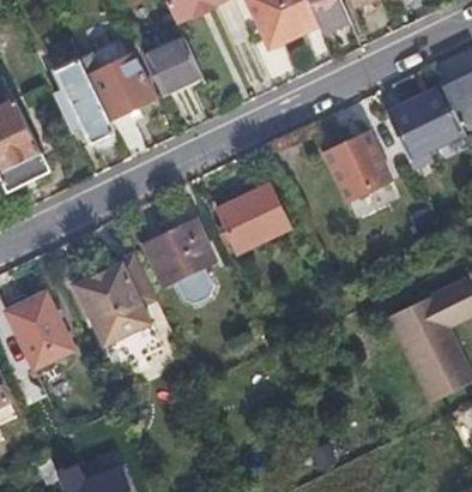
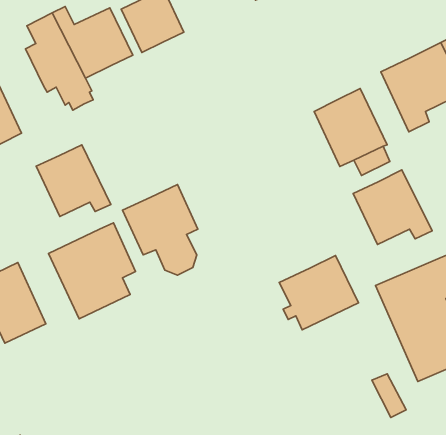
building: none -> [36,145,111,216]
building: [216,182,290,252] -> [279,256,358,330]
building: none -> [353,170,432,245]

